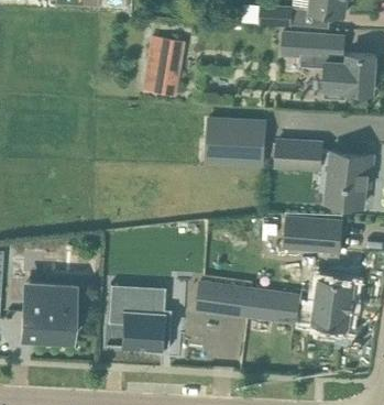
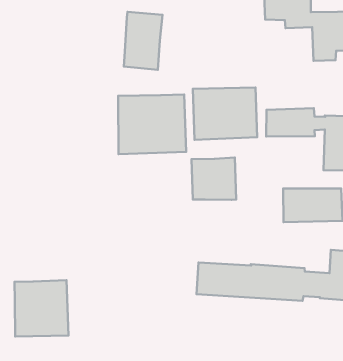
building: none -> [118,94,186,154]
building: none -> [191,158,236,200]
building: [108,284,171,349] -> none

